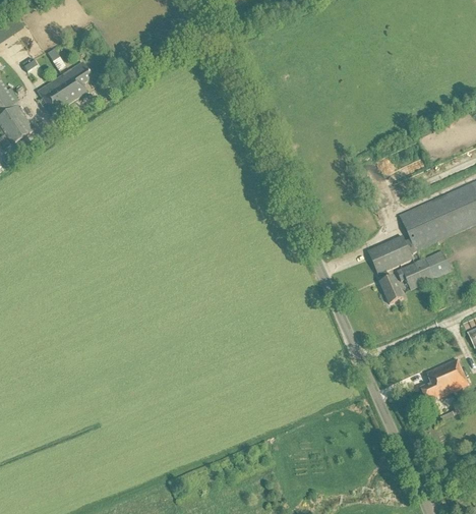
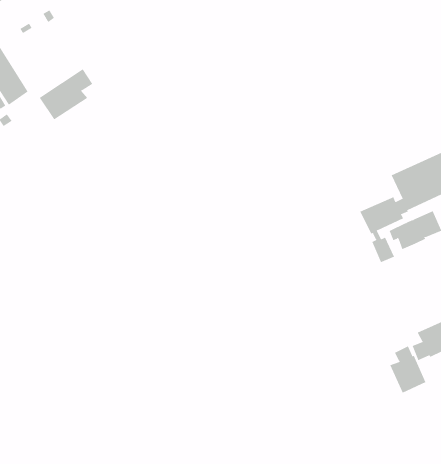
building: [38,61,93,113] -> [39,69,93,120]
building: none -> [390,346,426,393]

